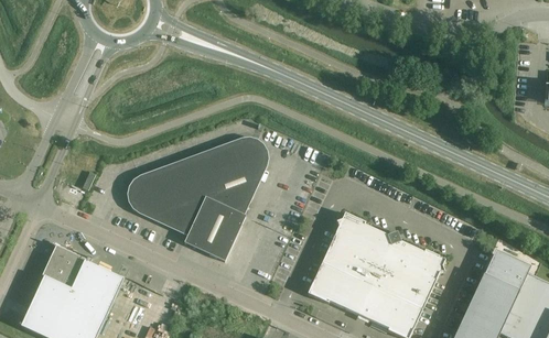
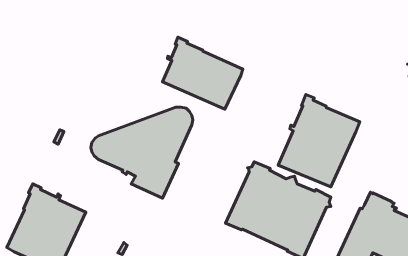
building: none -> [163,37,243,109]
building: none -> [278,94,360,187]

